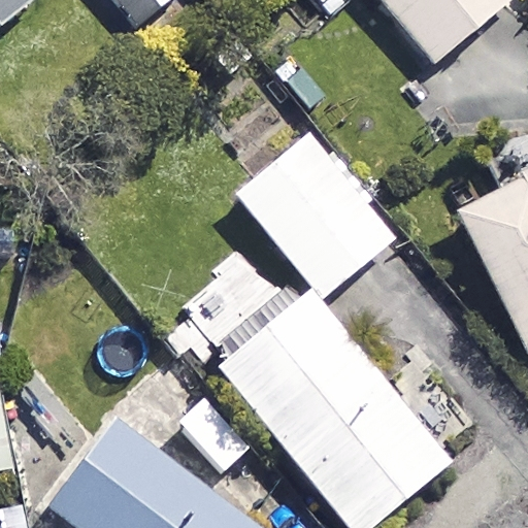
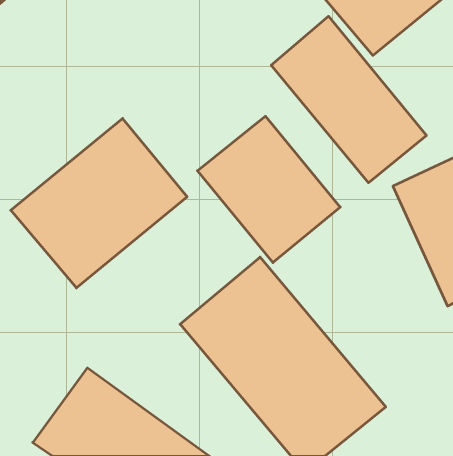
building: none -> [271,16,426,183]
building: none -> [11,118,187,288]

